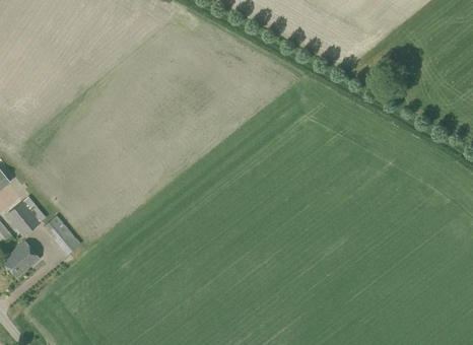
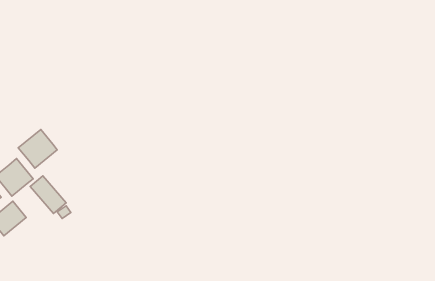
building: none -> [18,129,57,168]

